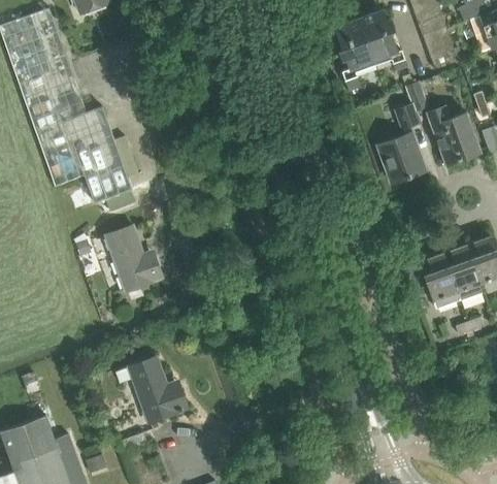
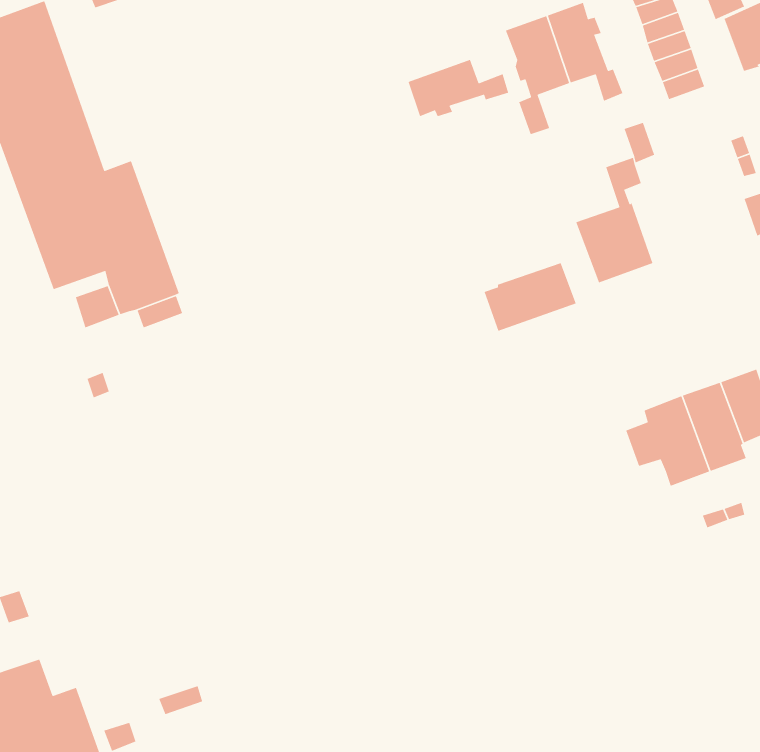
building: none -> [407,59,509,117]
building: [428,107,481,163] -> none
building: none -> [483,262,577,332]
building: [106,226,163,290] -> none
building: [115,357,189,422] -> none

